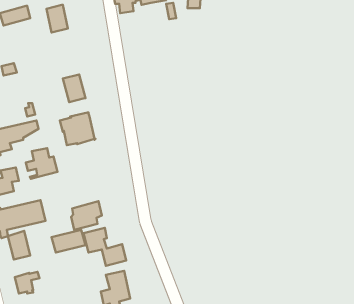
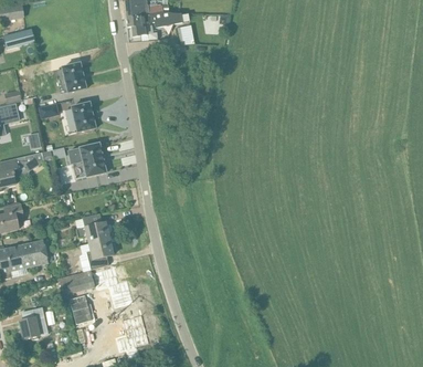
building: [46,5,68,32] -> [62,62,85,92]
building: [26,148,57,179] -> [75,213,109,247]
building: [8,231,30,260] -> [74,291,98,322]

